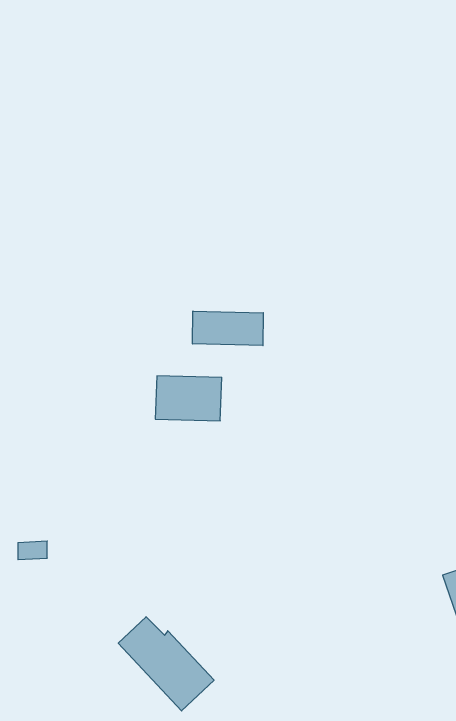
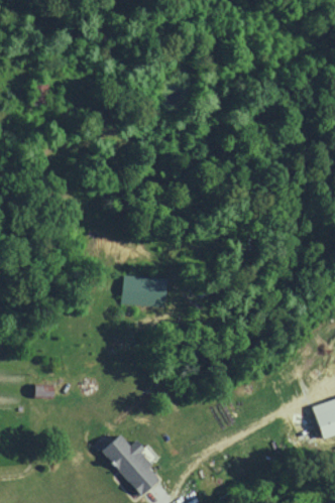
building: [193,311,263,346] -> none

